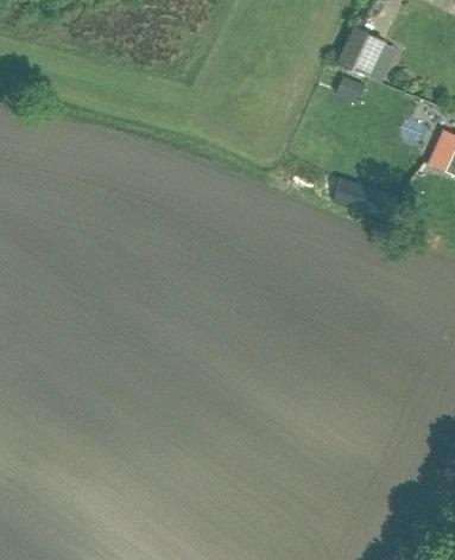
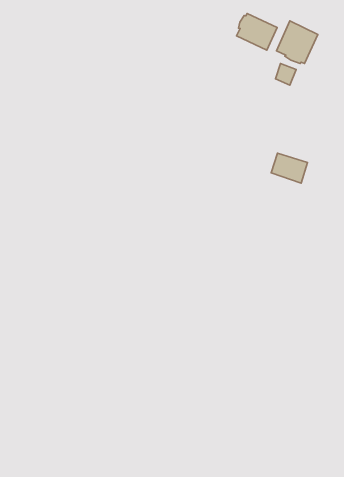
building: none -> [236,14,277,50]

